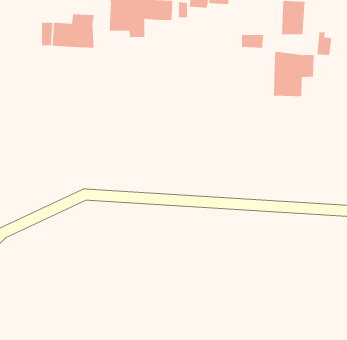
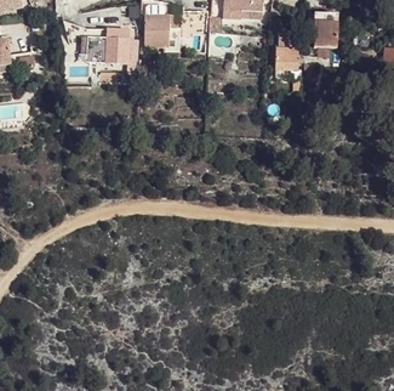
building: [273,51,315,97] -> none

